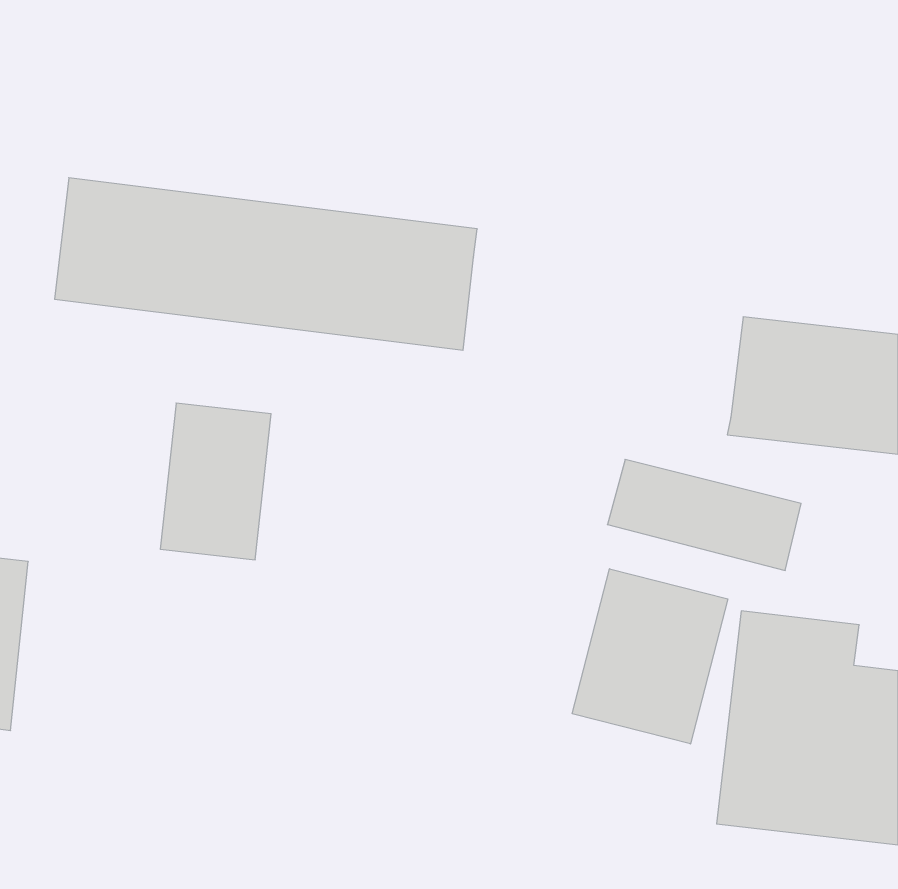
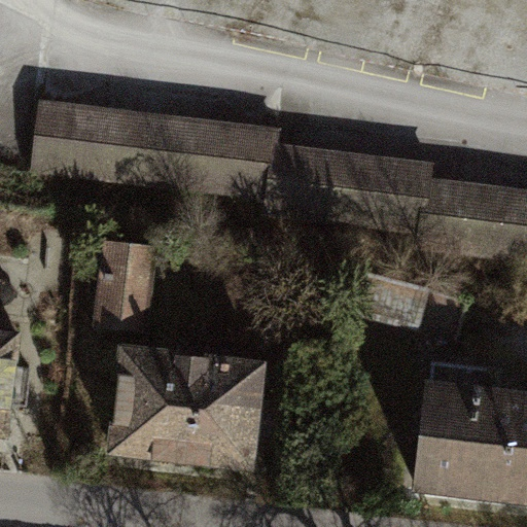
building: none -> [268,150,436,244]
building: [572,569,728,744] -> none
building: none -> [112,344,265,461]

